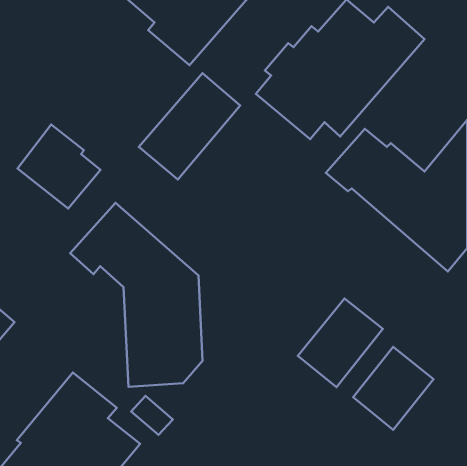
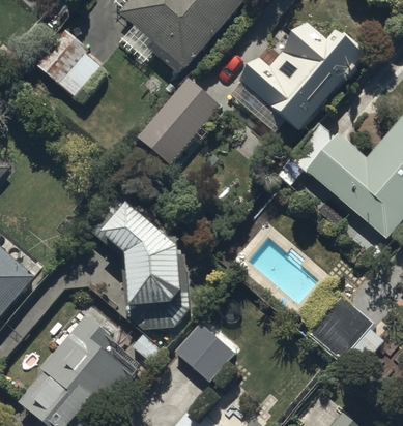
building: [18,124,101,209] -> [34,27,100,94]
building: [298,298,383,387] -> none
building: none -> [174,324,235,384]

